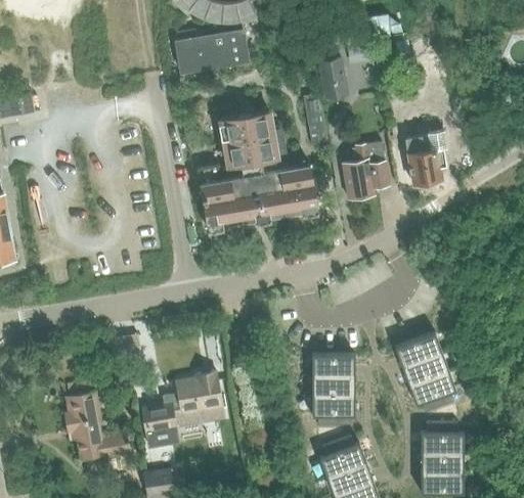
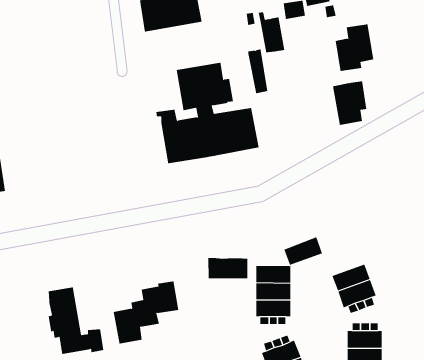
building: [341,142,388,199] -> [335,24,374,72]
building: [396,331,443,366] -> [284,237,323,266]
building: none -> [208,257,248,279]

